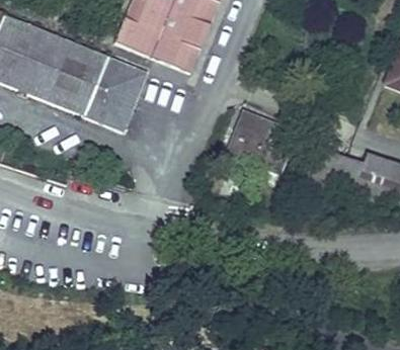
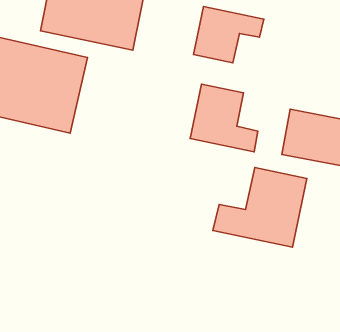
building: none -> [194,7,264,63]
building: none -> [213,168,307,247]

